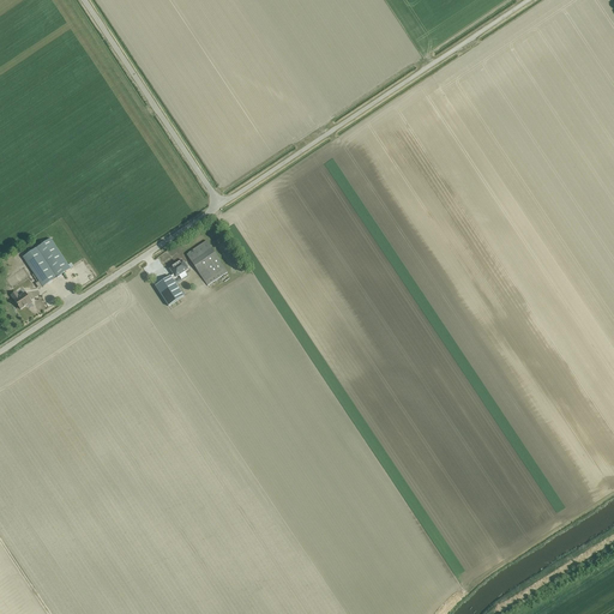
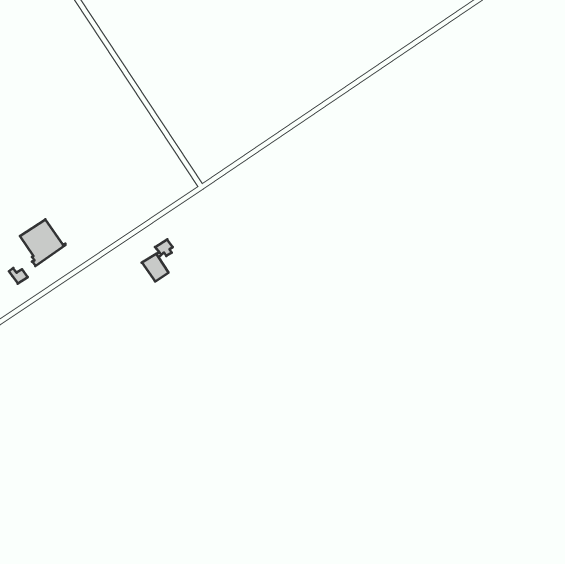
building: [186,239,227,284] -> none

